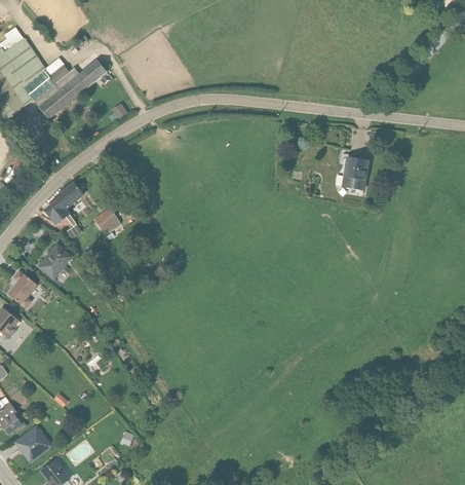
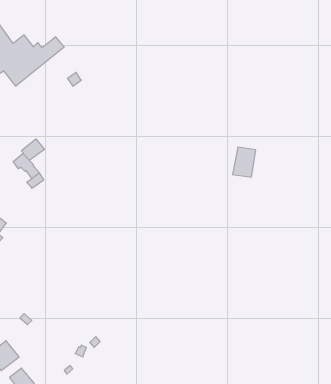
building: [340,153,367,189] -> [233,147,256,177]
building: [92,207,120,234] -> none
building: [39,240,72,278] -> none

